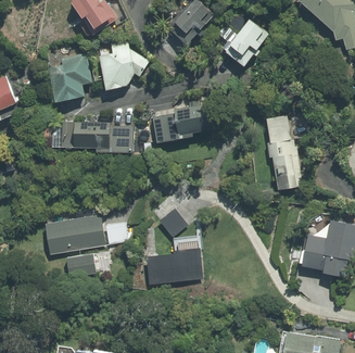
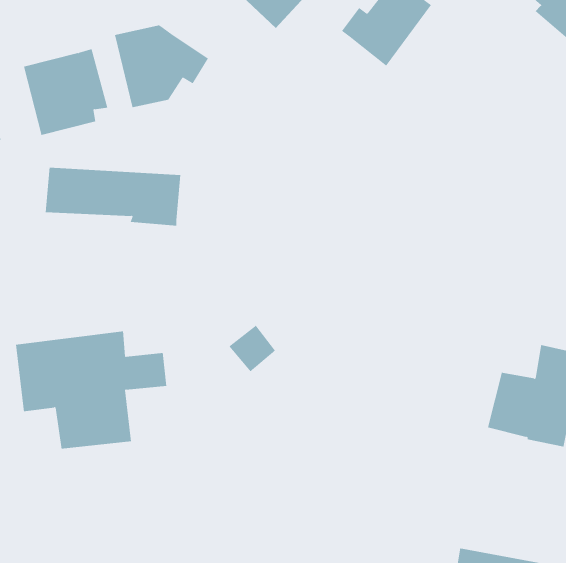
building: [151,105,215,142] -> none
building: [266,115,301,188] -> none
building: [148,238,202,285] -> none

